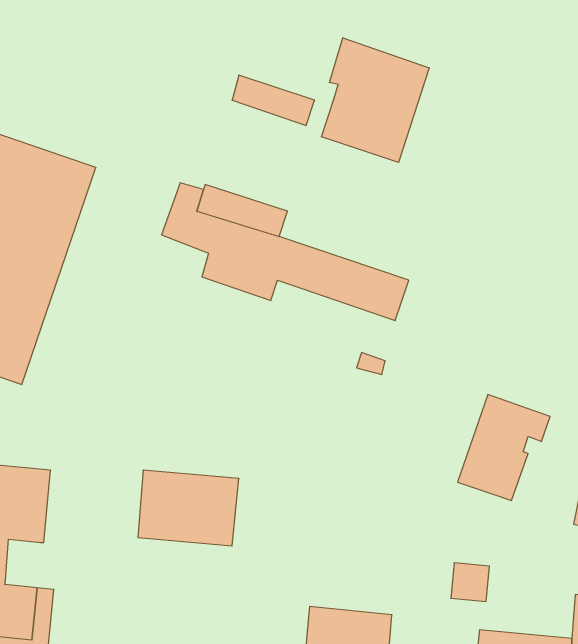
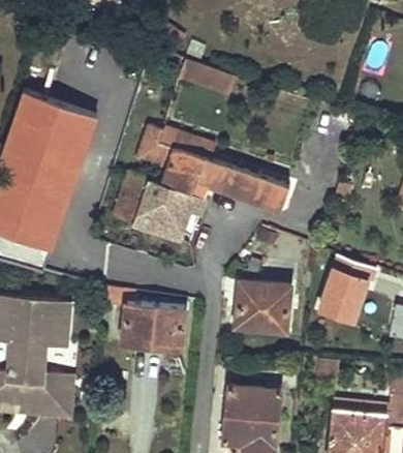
building: [322,38,429,162] -> none
building: none -> [114,172,205,244]
building: none -> [235,281,290,332]

